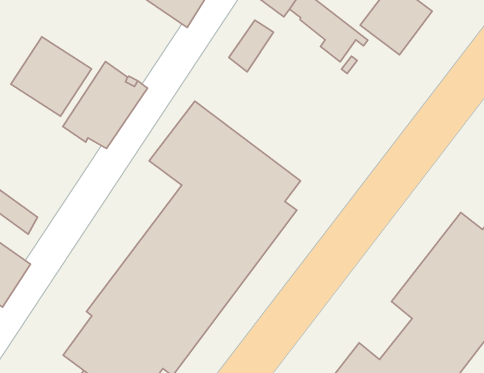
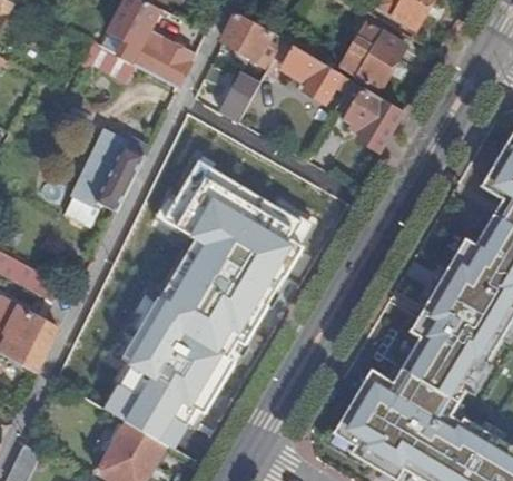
building: [11,37,92,116] -> none
building: none -> [346,88,403,151]

